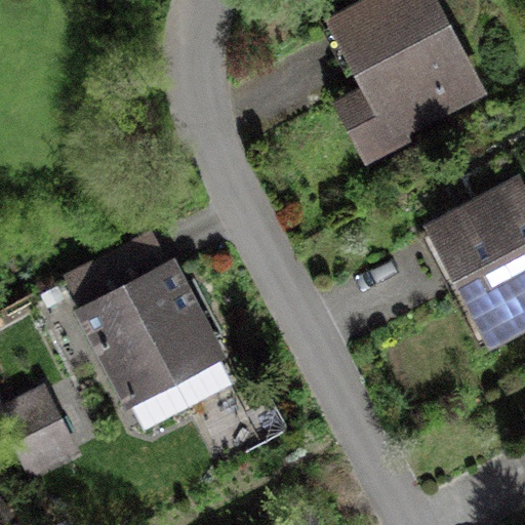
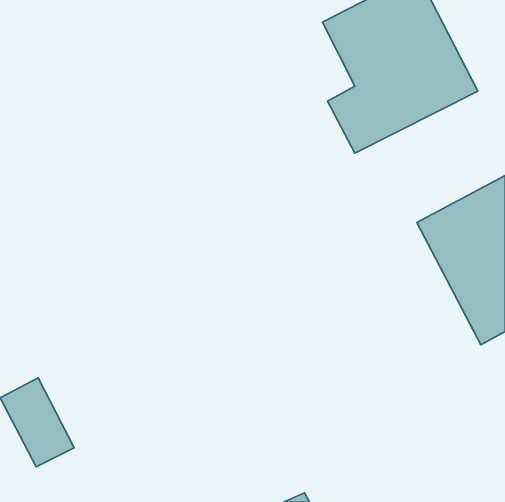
building: [76,258,229,408] -> none

